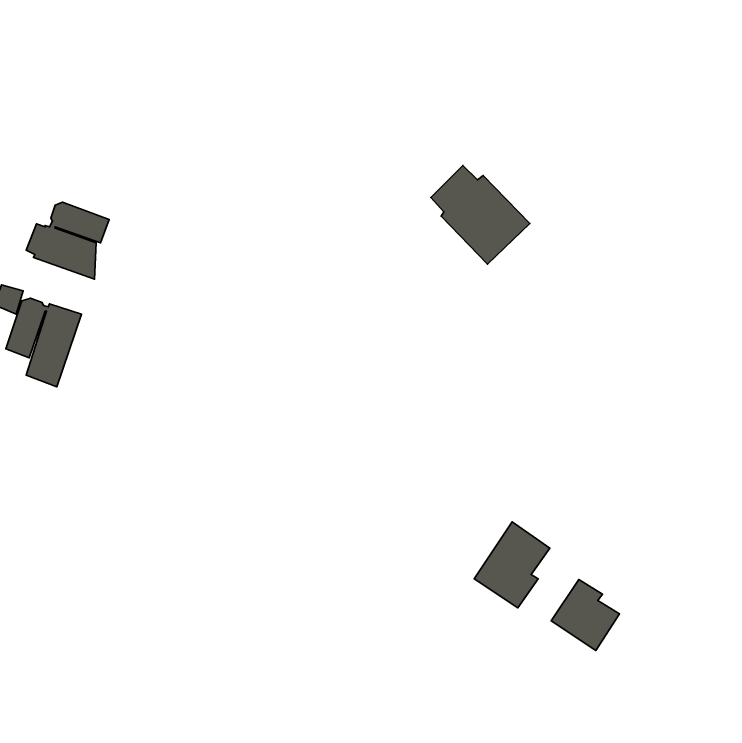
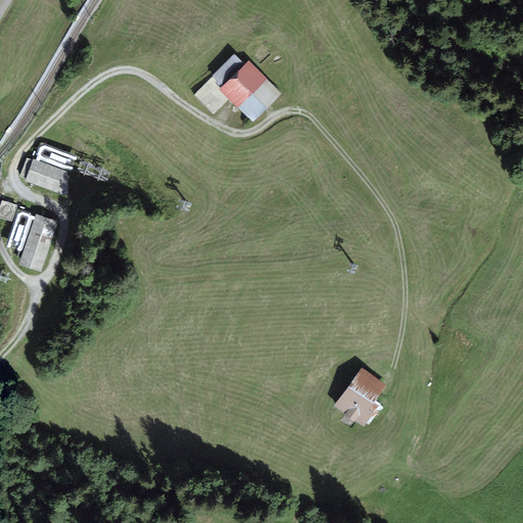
building: [431,165,530,264] -> [211,53,281,123]
building: [551,579,619,650] -> none

